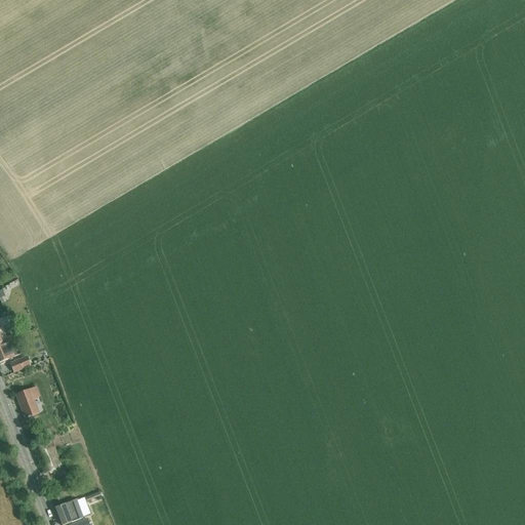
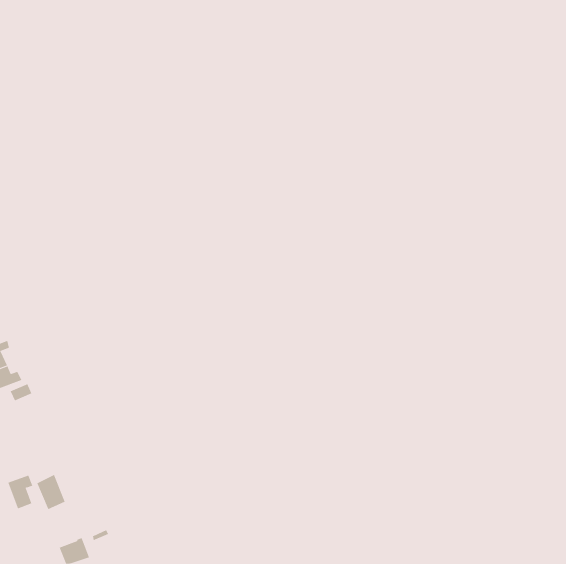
building: [15,386,39,417] -> [8,475,33,509]

